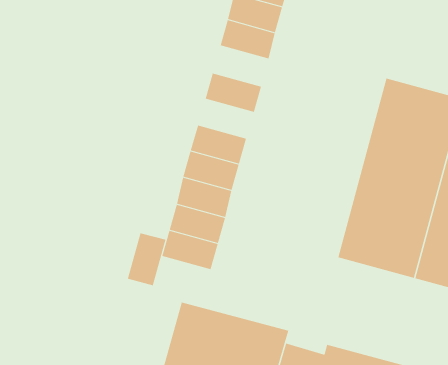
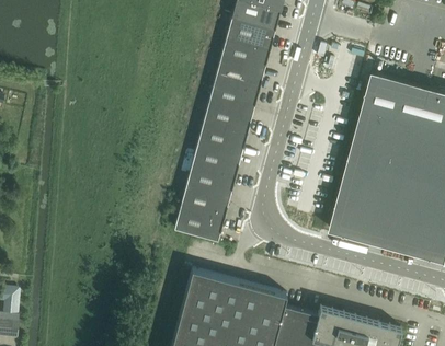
building: none -> [219,44,270,80]
building: none -> [206,91,256,126]
building: [127,232,166,286] -> none

